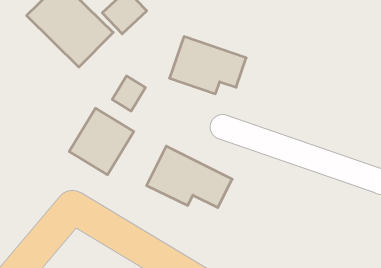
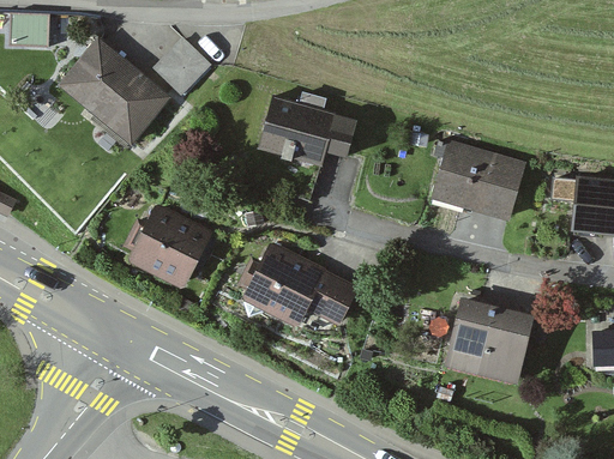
building: [112,76,145,111] -> none
building: none -> [434,140,524,219]
building: none -> [443,298,534,383]

